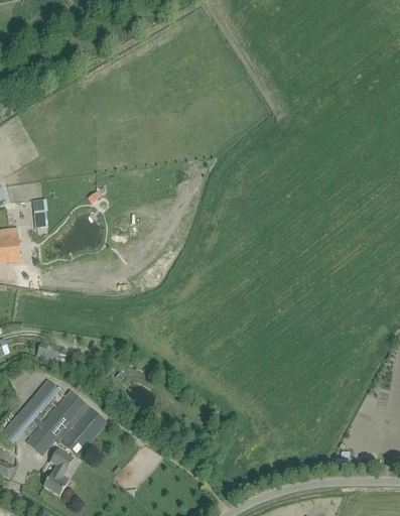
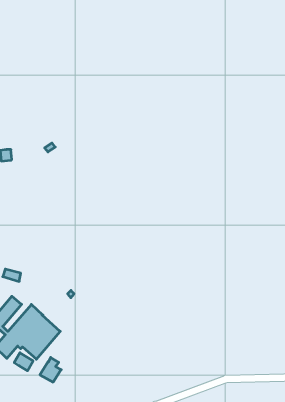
building: [43,465,70,495] -> [40,357,61,382]

